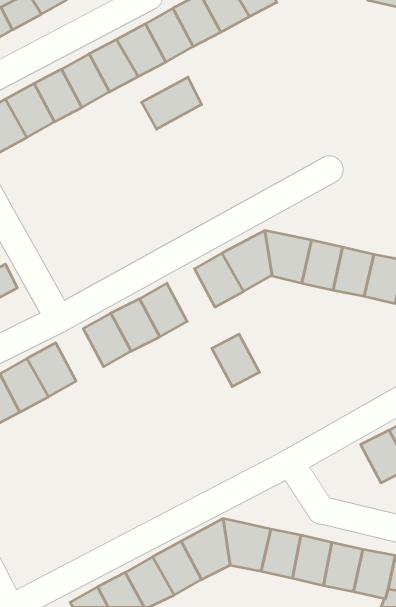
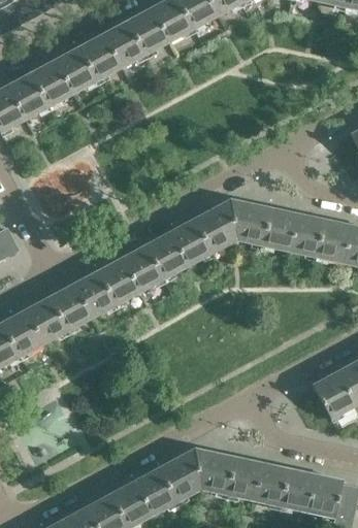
building: [141,77,202,129] -> none
building: none -> [50,284,91,329]
building: [212,334,260,387] -> [145,232,187,277]

